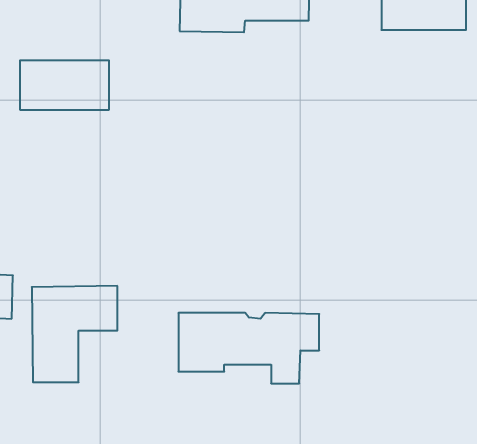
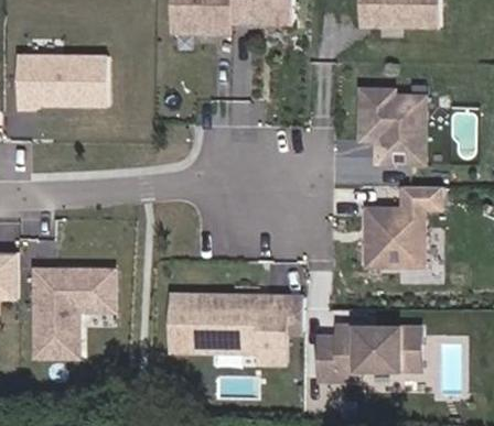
building: none -> [359,88,425,163]
building: none -> [365,187,440,269]
building: none -> [316,318,416,370]

